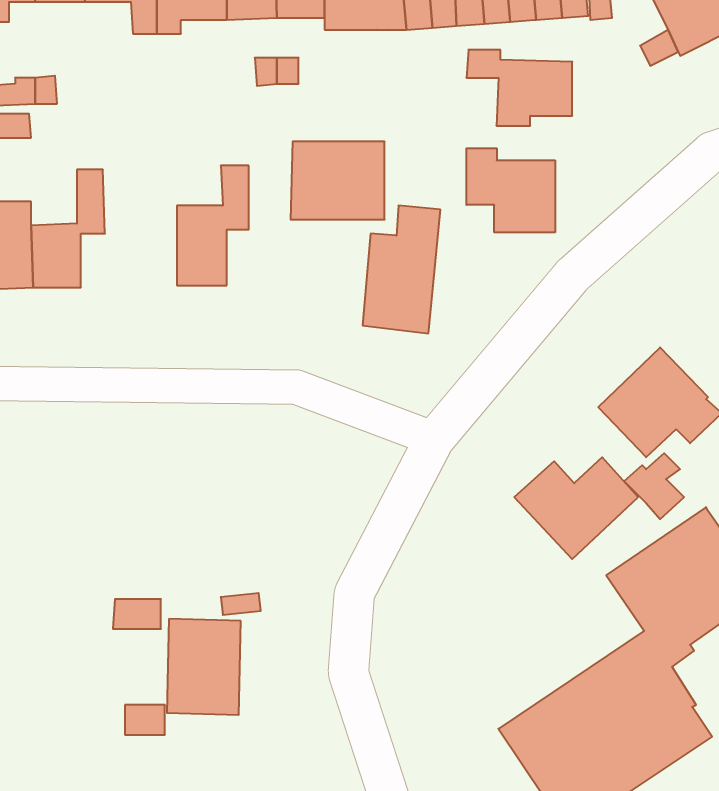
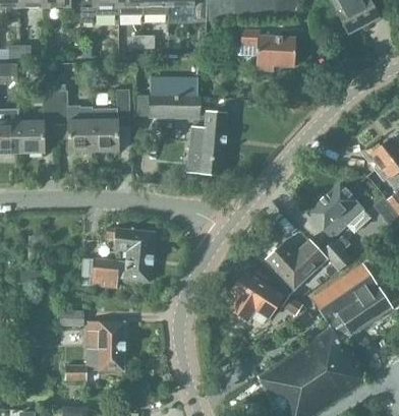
building: [466,148,555,232] -> none
building: none -> [55,92,93,151]
building: none -> [81,227,156,287]
building: none -> [228,270,284,320]

